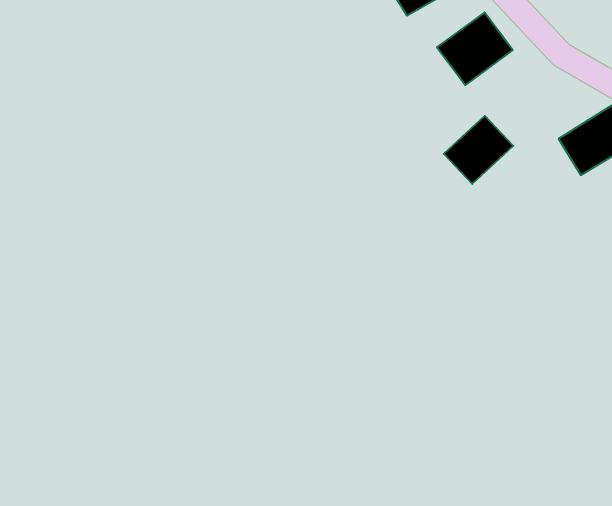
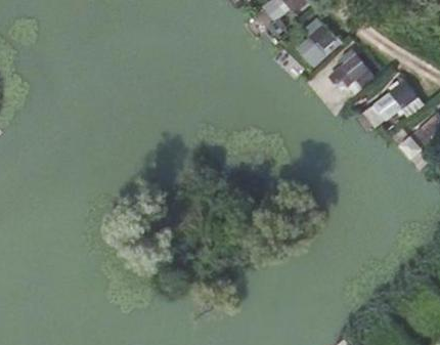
building: [444,116,513,184] -> [327,49,372,93]

